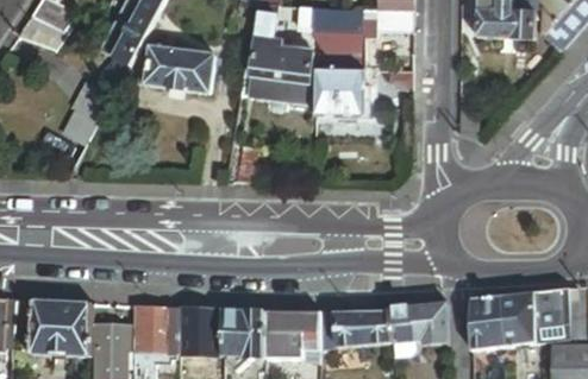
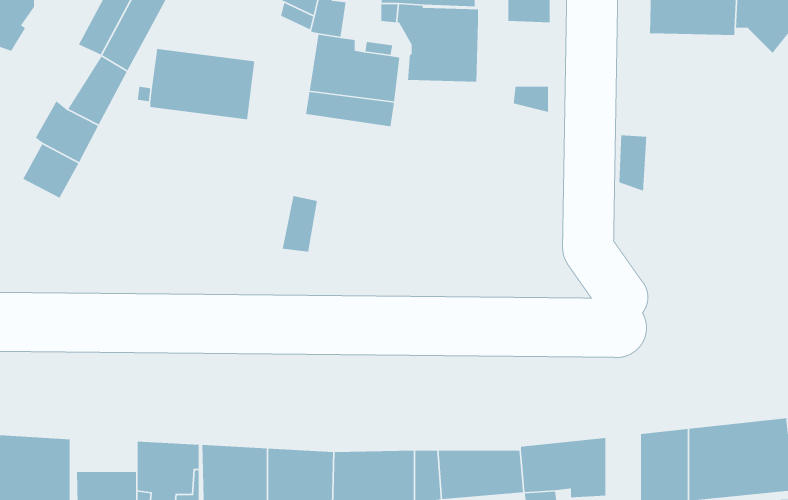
building: [314,67,363,114] -> none

